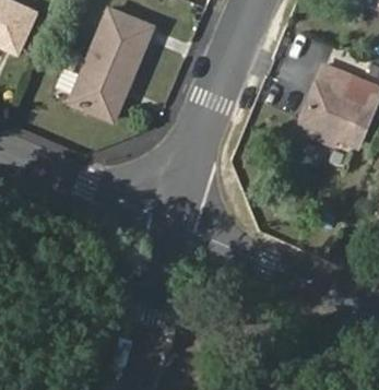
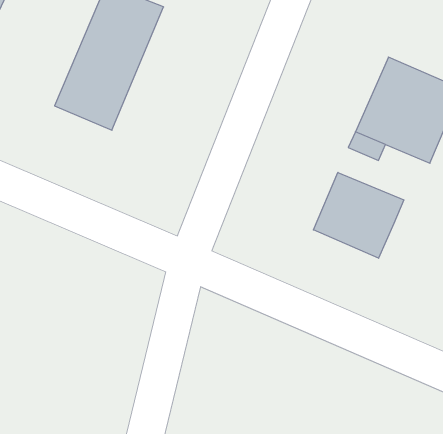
building: none -> [313,172,404,258]

